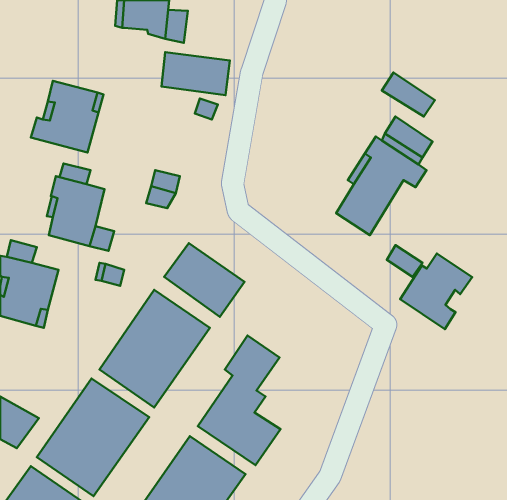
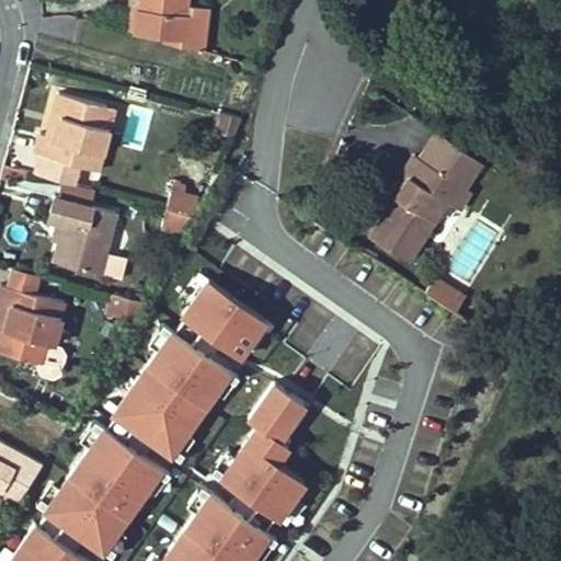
building: [161,52,230,95] -> none
building: [382,73,435,117] -> none
building: [400,253,472,329] -> none

